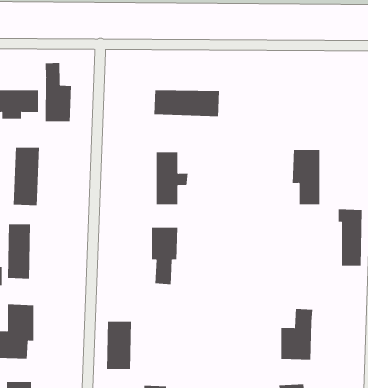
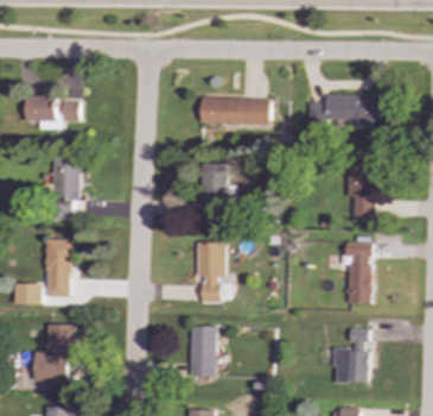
building: [45,62,71,122] -> none
building: none -> [307,95,380,124]
building: [338,209,363,266] -> [345,242,371,303]
building: [106,321,132,370] -> [189,326,216,377]

